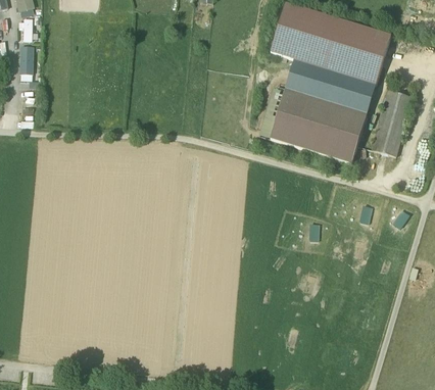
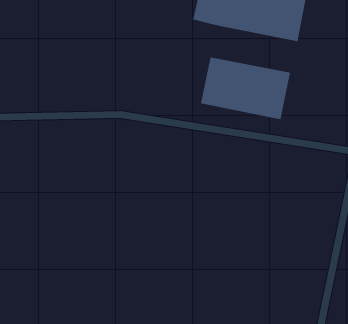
building: [284,59,376,114] -> none
building: [372,91,410,154] -> none

